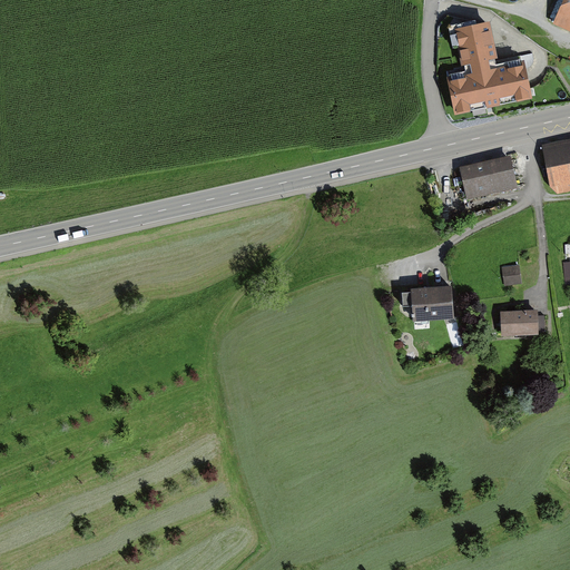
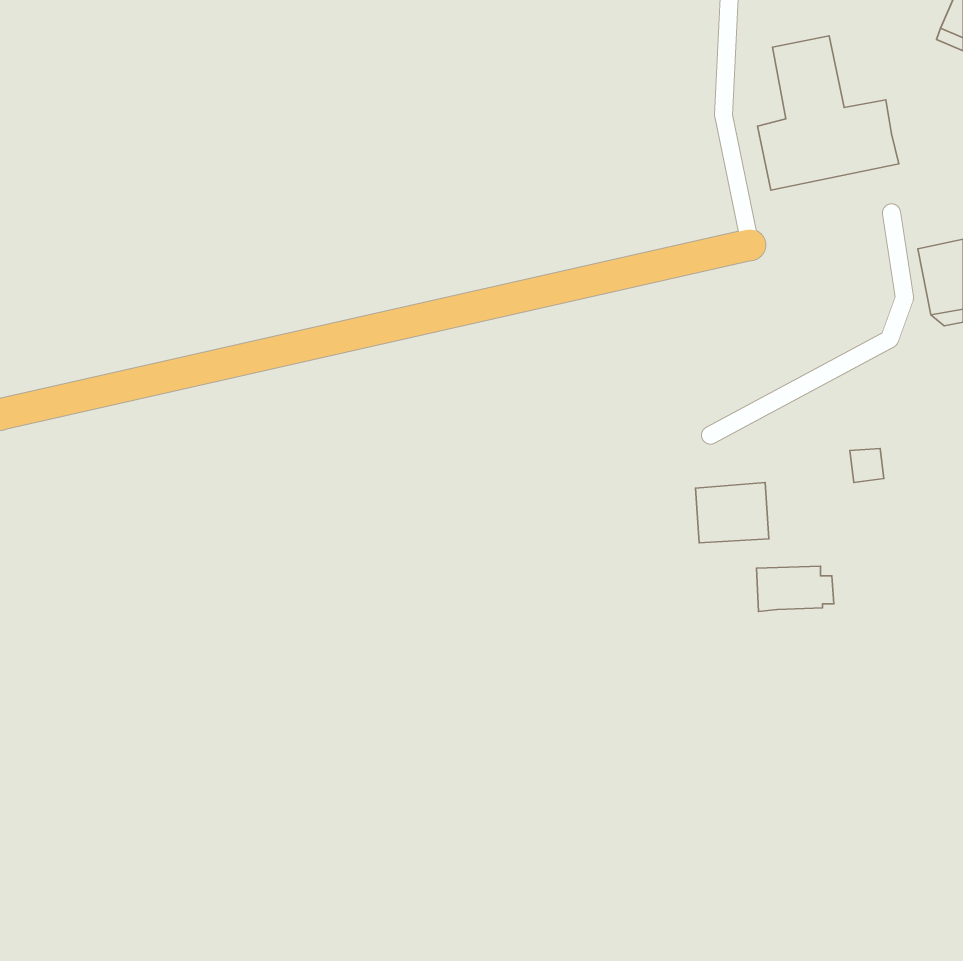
building: [460,155,518,199] -> none
building: [500,309,546,336] -> [757,566,834,611]

